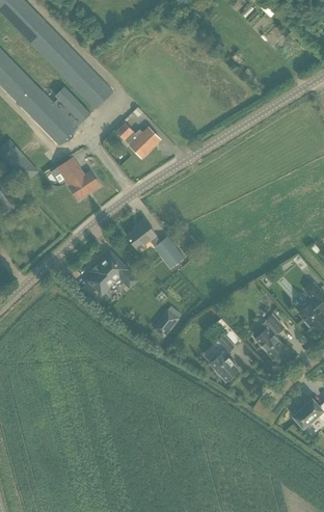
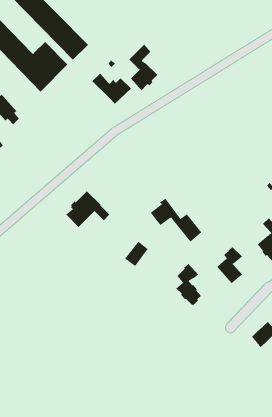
building: none -> [129,44,158,91]
building: [56,160,99,199] -> none
building: [126,218,184,268] -> [150,198,202,243]

